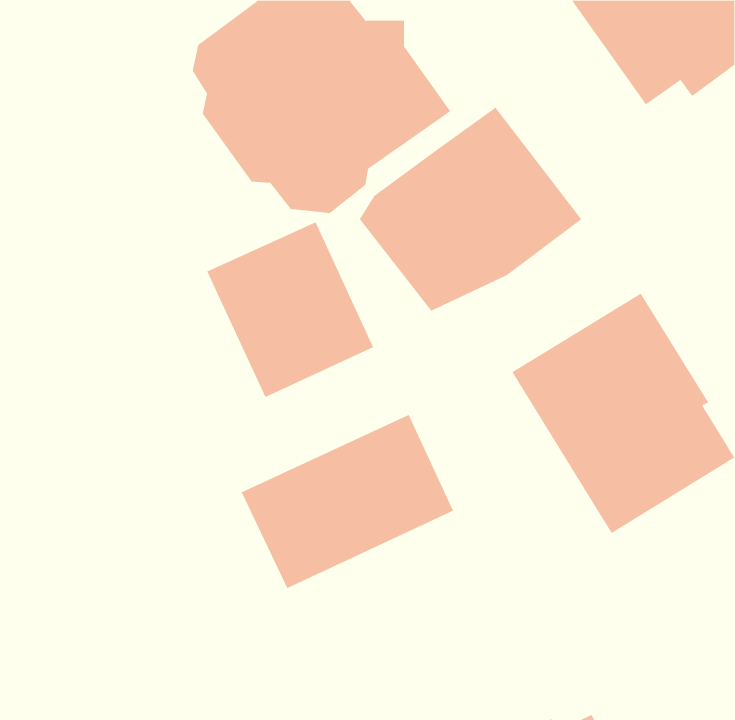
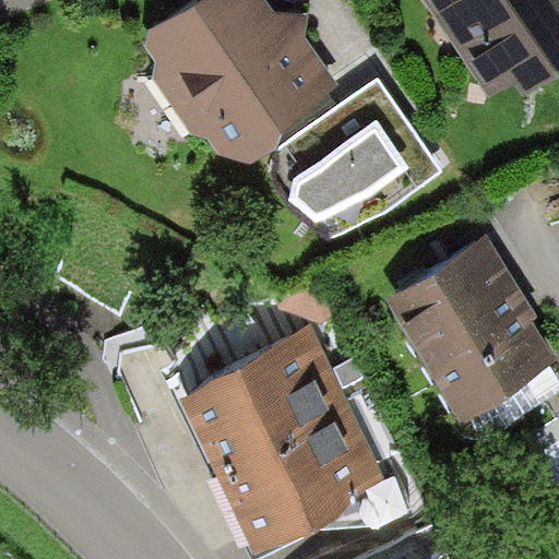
building: [206,221,374,398] -> none
building: none -> [217,400,380,536]

